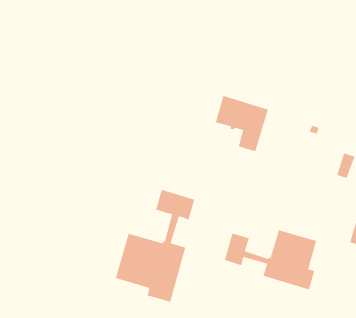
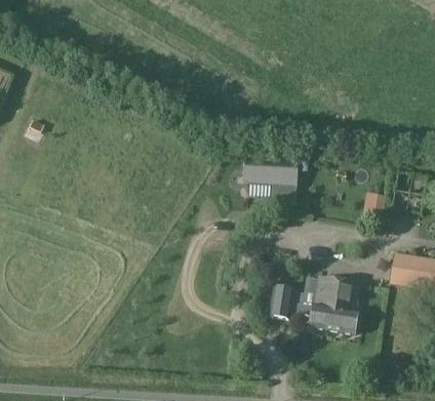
building: [115,189,195,303] -> none

